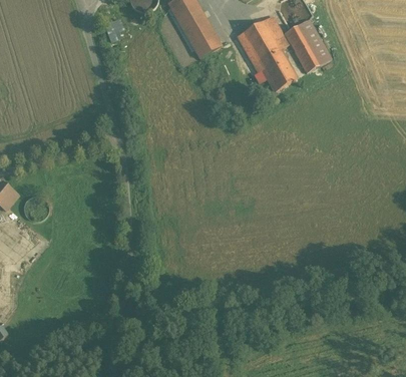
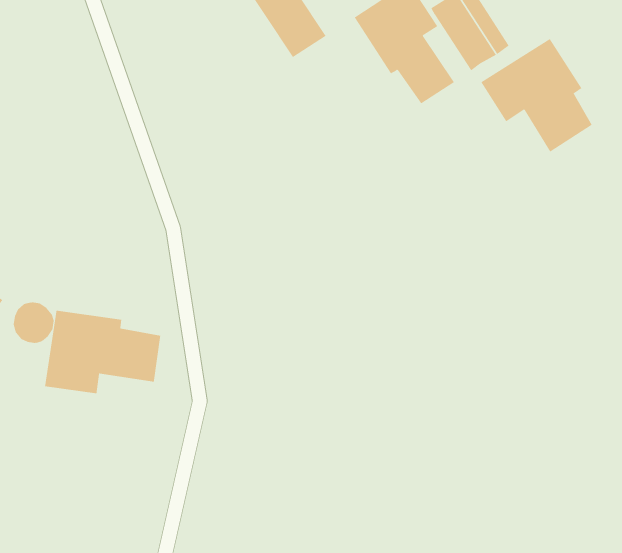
building: none -> [480,38,593,152]
building: none -> [45,310,161,394]

